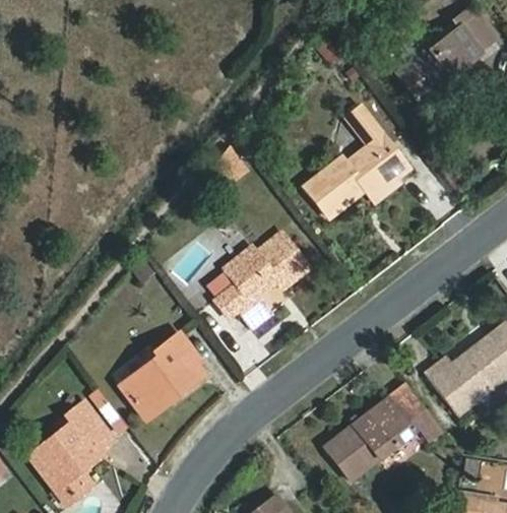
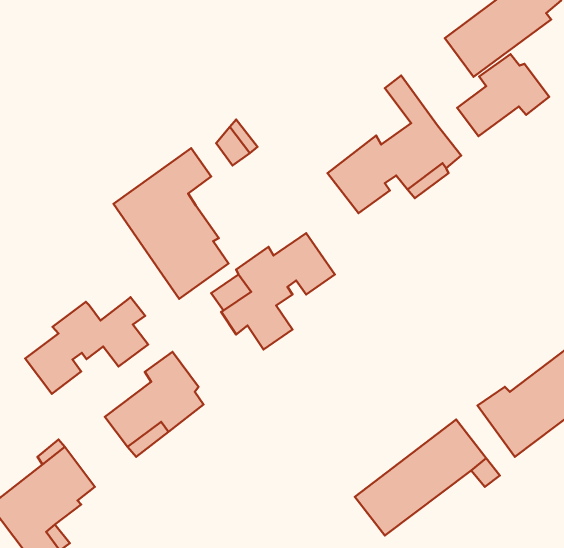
building: none -> [457,54,549,136]
building: none -> [113,148,229,299]
building: none -> [25,297,148,394]

